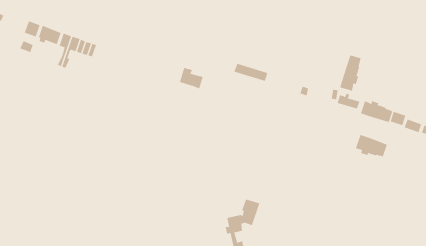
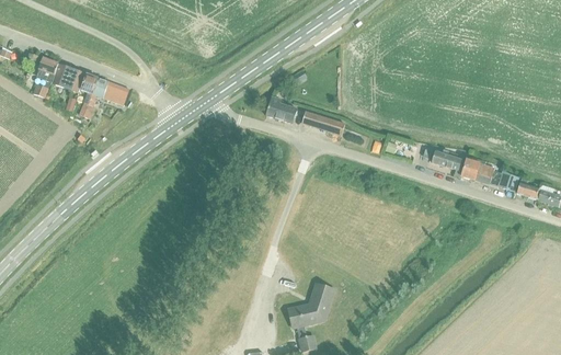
building: [339,55,361,92] -> none
building: [179,67,203,89] -> [265,96,296,124]
building: [355,134,387,157] -> none

